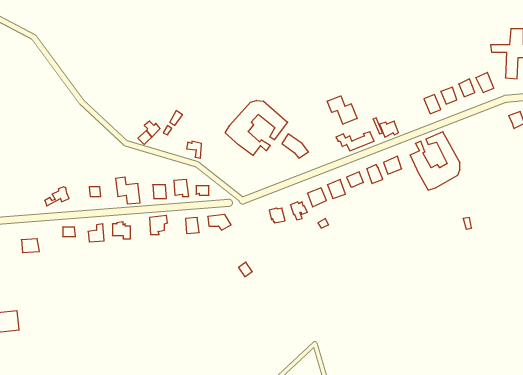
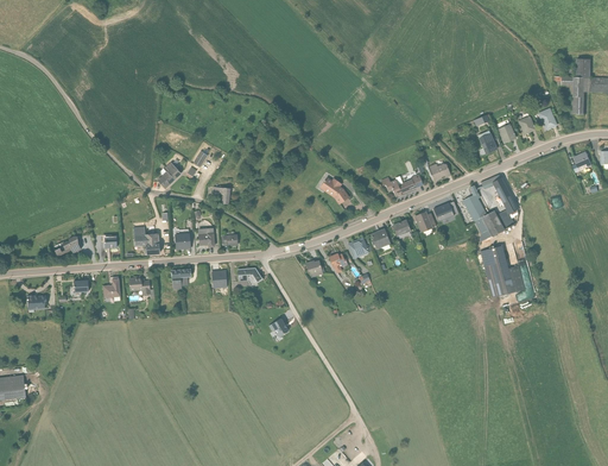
building: [327,96,357,124] -> none
building: [225,100,288,155] -> none
building: none -> [483,246,524,294]

